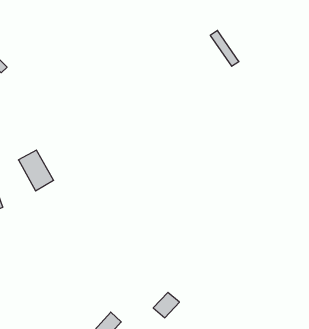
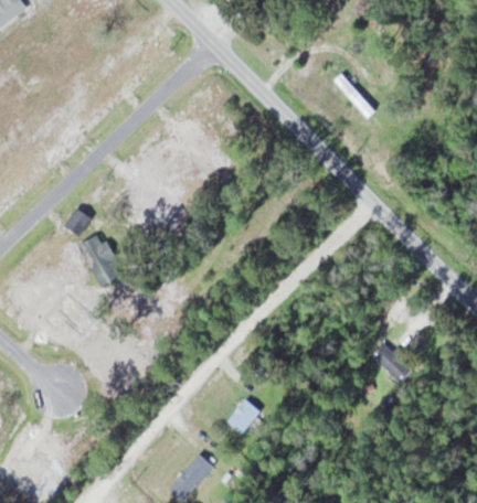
building: none -> [372,343,414,383]
building: [153,292,179,318] -> [226,399,262,434]

